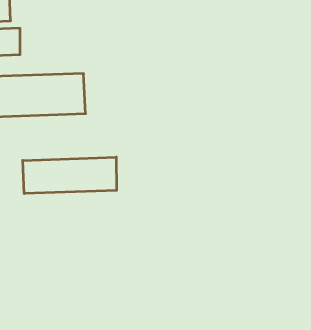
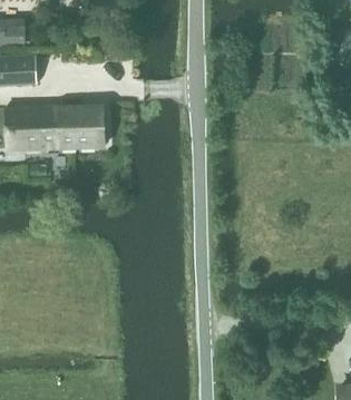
building: [23,157,117,194] -> none

